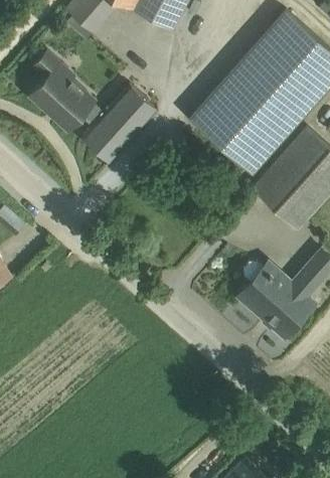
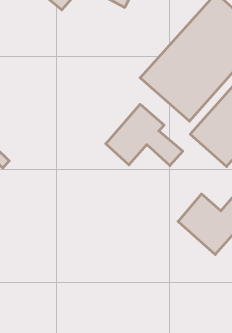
building: [29,50,156,166] -> none
building: none -> [106,104,183,166]

